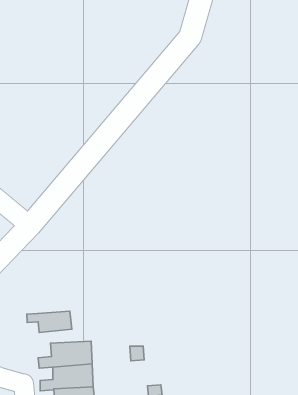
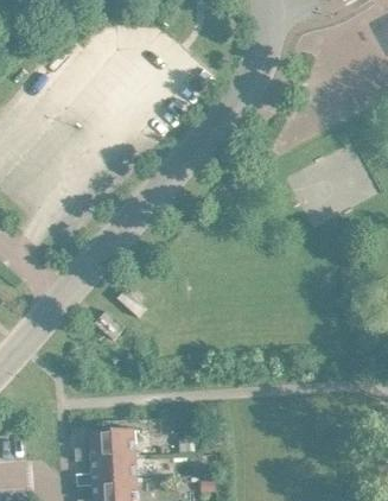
building: [27,311,72,332] -> none

